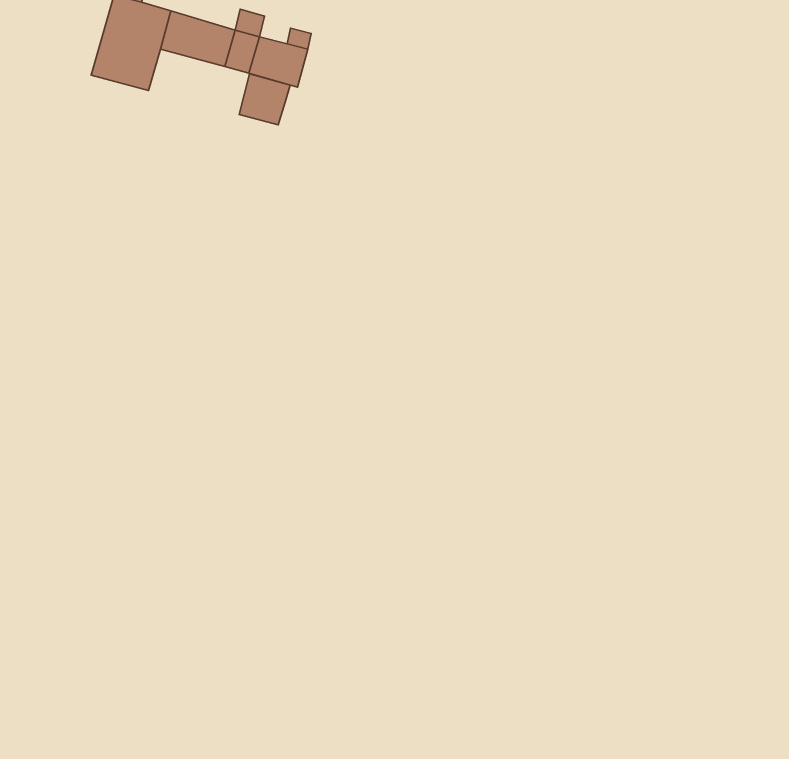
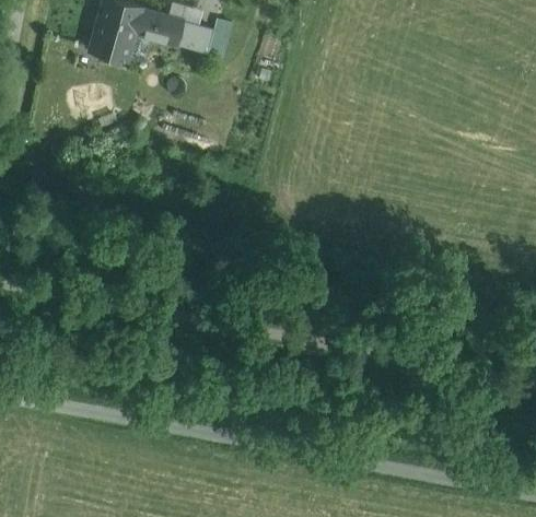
building: [239,74,290,125] -> none

